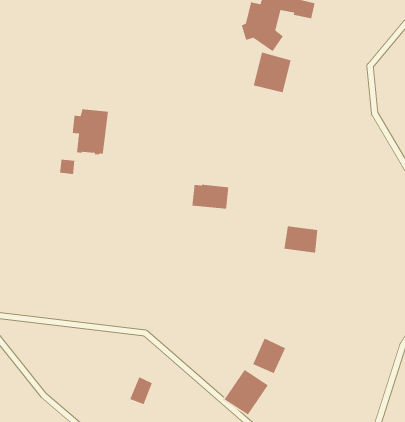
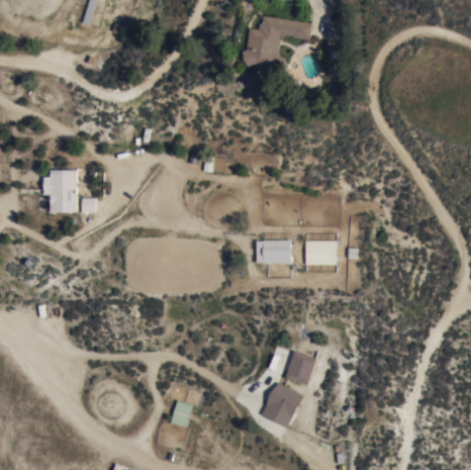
building: [253,52,291,93] -> none
building: [72,108,109,155] -> [43,170,77,213]
building: [192,184,229,210] -> [256,241,290,263]

